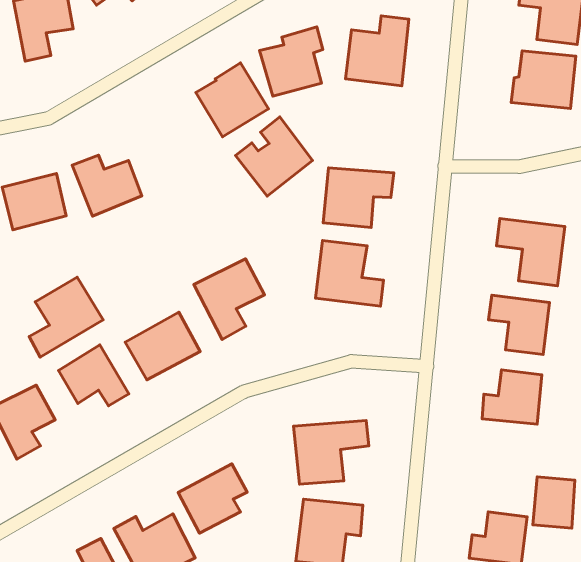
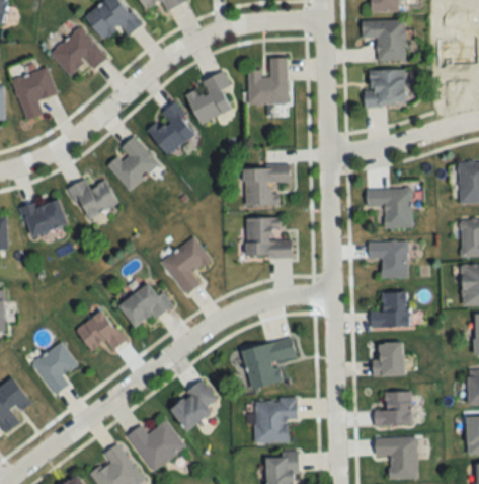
building: [235,117,313,196] -> [105,135,159,191]
building: [29,277,103,357] -> none
building: [533,477,575,528] -> [377,342,405,376]

